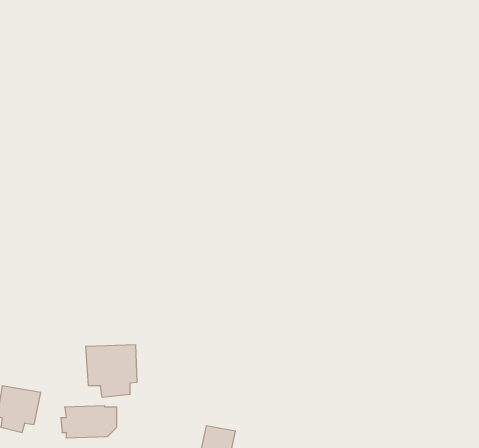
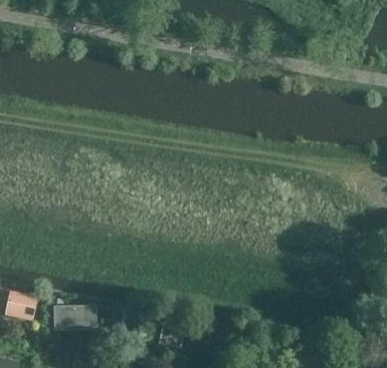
building: [86,345,137,397] -> none

